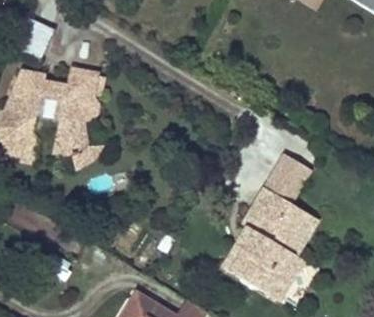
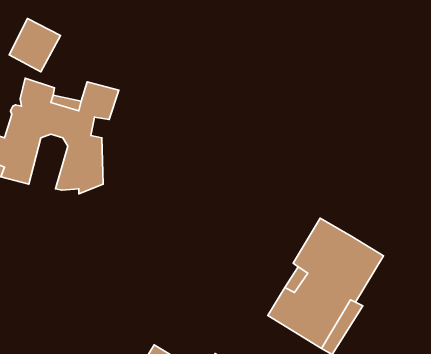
building: [268,155,313,201] -> none

